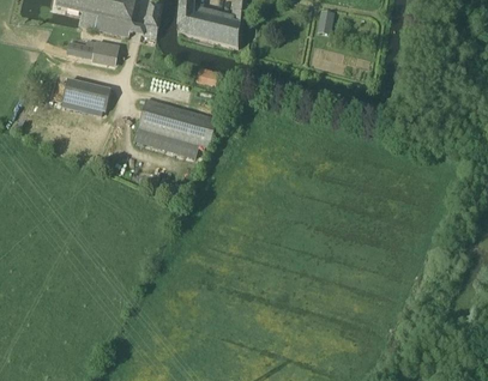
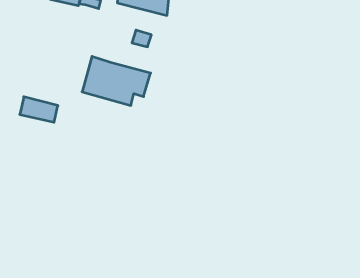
building: [64,40,116,65] -> none
building: [61,78,108,109] -> [20,97,58,122]

